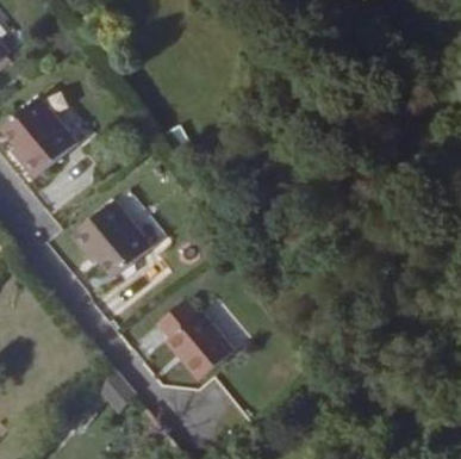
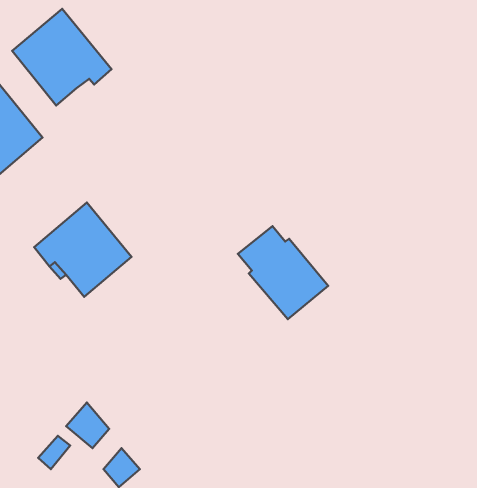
building: none -> [12,9,112,106]
building: [156,299,233,379] -> [238,226,328,319]

